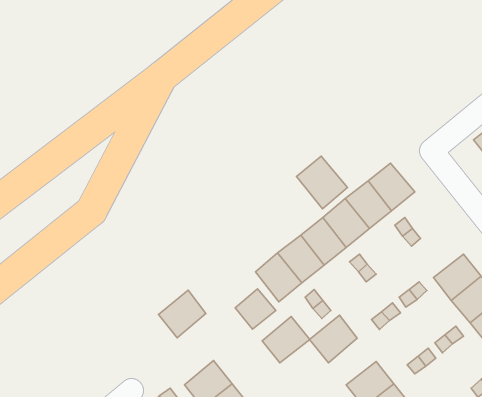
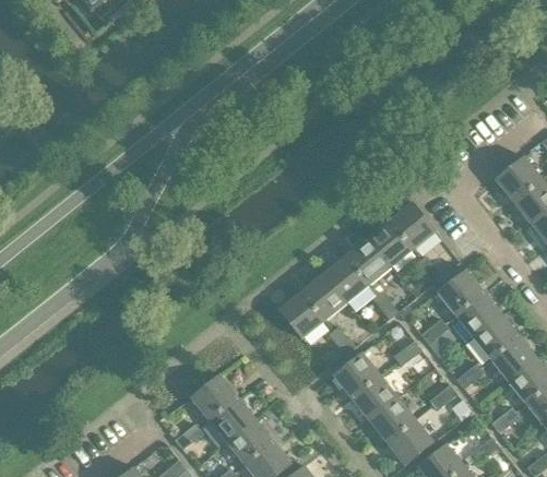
building: [296,156,348,209] -> none
building: none -> [438,270,485,315]
building: [235,289,276,329] -> none
building: [158,290,206,338] -> [191,374,238,421]
building: [262,316,310,363] -> [352,375,399,421]

